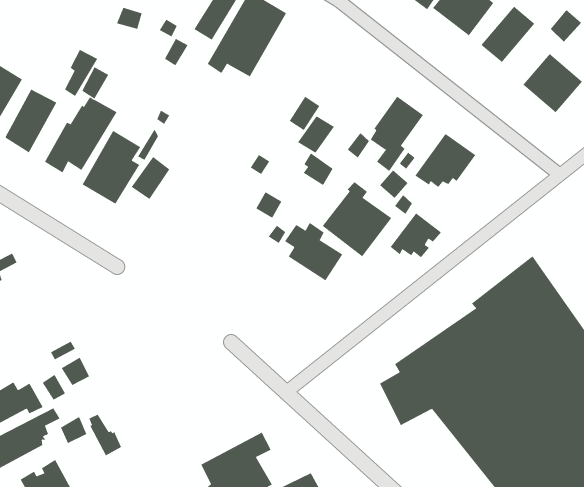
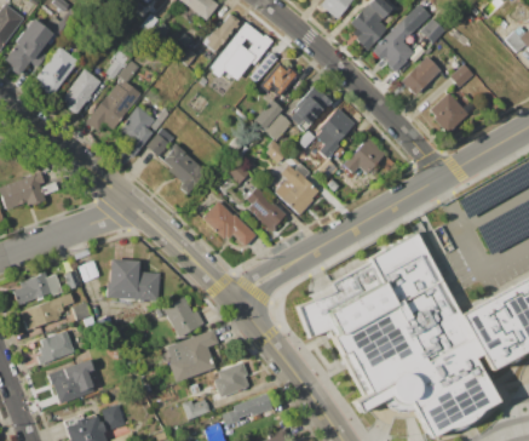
building: none -> [258,62,301,97]
building: none -> [291,86,332,131]
building: none -> [162,143,208,194]
building: [390,212,442,258] -> none
building: none -> [201,200,257,247]
building: none -> [109,259,162,300]
building: none -> [163,297,206,337]

